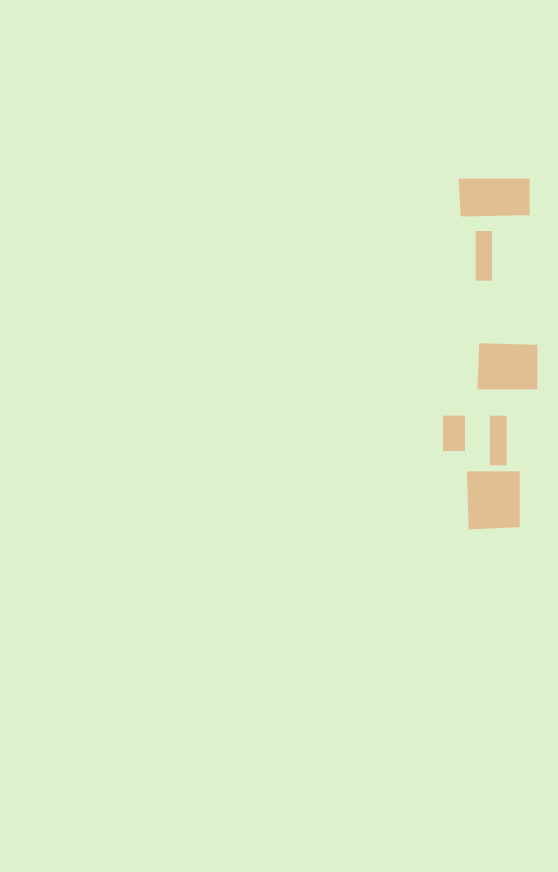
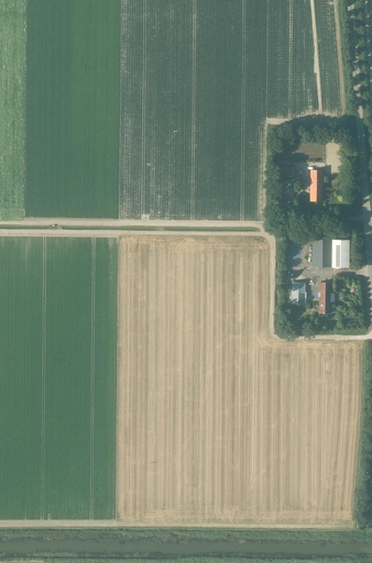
building: [458,178,530,217] -> none
building: [466,470,520,530] -> none

